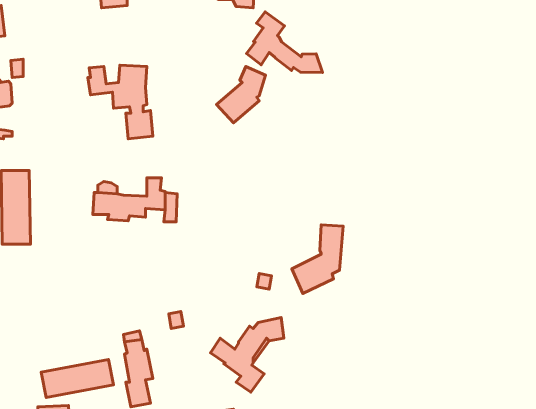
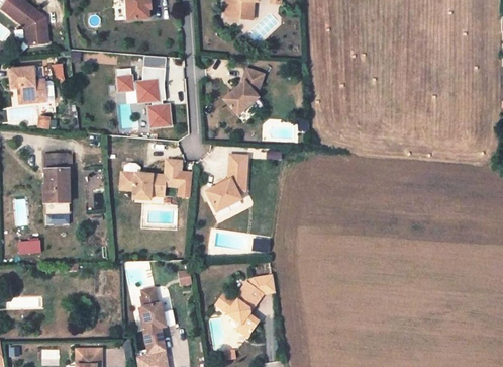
building: [247,12,323,72] -> none
building: [292,225,343,293] -> [206,155,248,211]
building: [41,360,114,397] -> none

